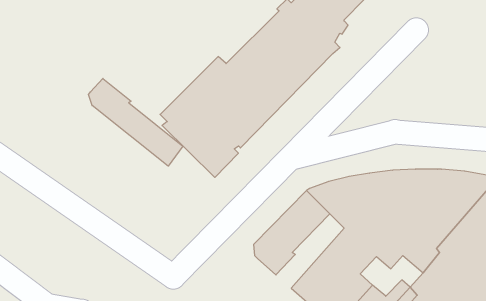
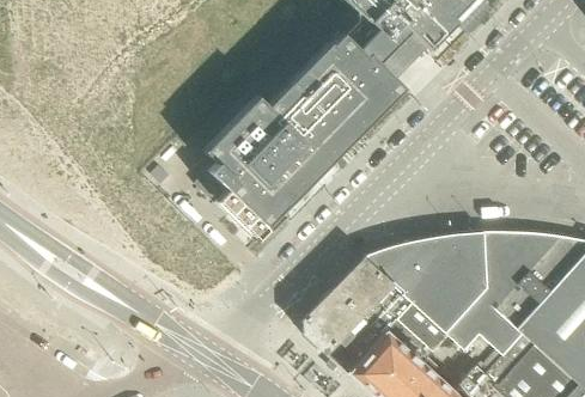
building: [89,78,183,166] -> none
building: none -> [333,283,413,371]

